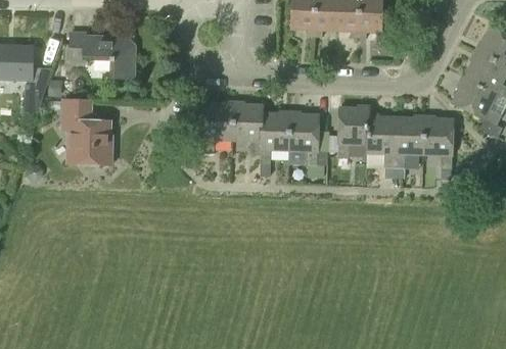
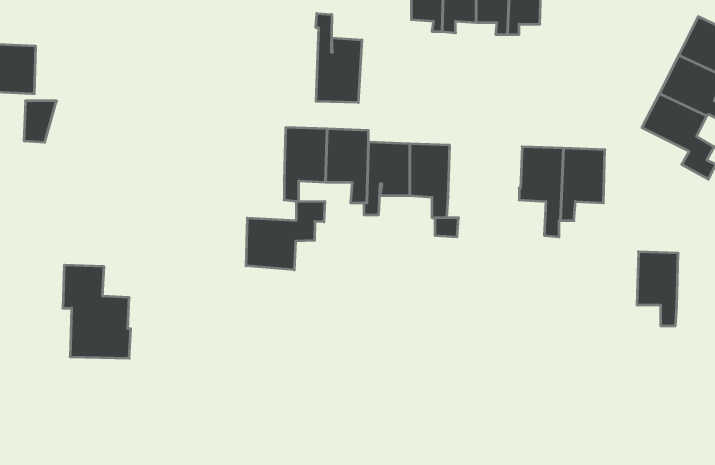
building: none -> [316,13,362,103]
building: [70,32,135,78] -> none
building: [63,99,110,163] -> [63,265,131,358]
building: [338,106,369,157] -> none
building: [425,117,454,168] -> [637,252,678,326]
building: none -> [246,201,325,270]

